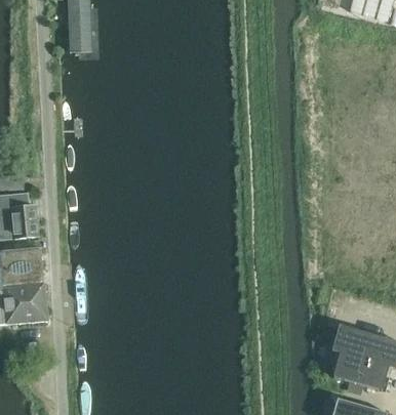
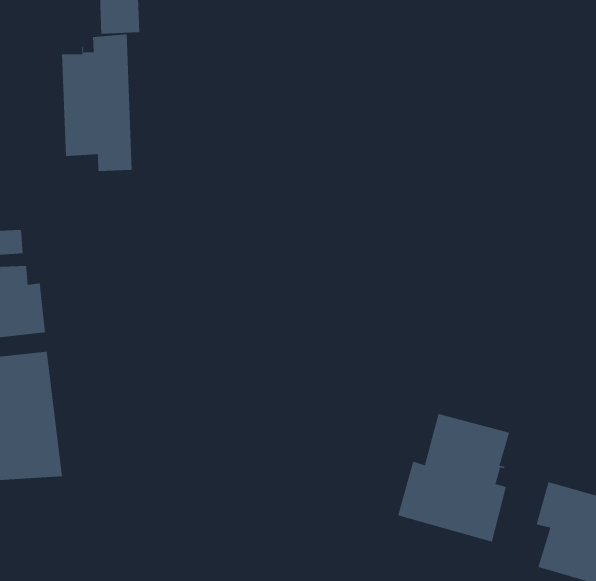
building: none -> [61,33,132,172]
building: none -> [397,413,510,543]

